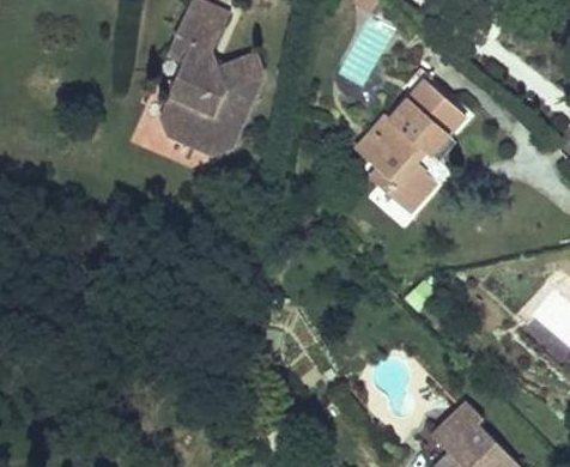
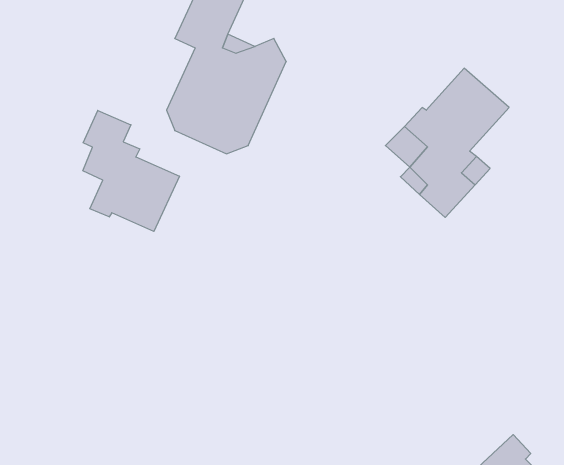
building: none -> [83,110,179,231]

